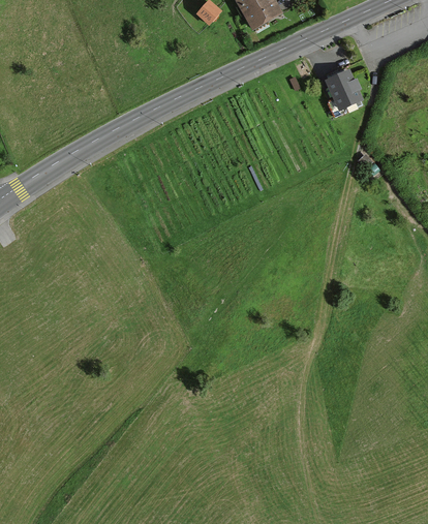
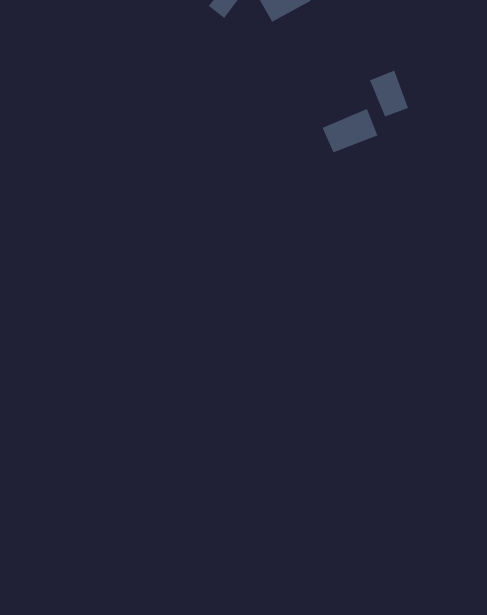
building: none -> [322,108,378,153]

